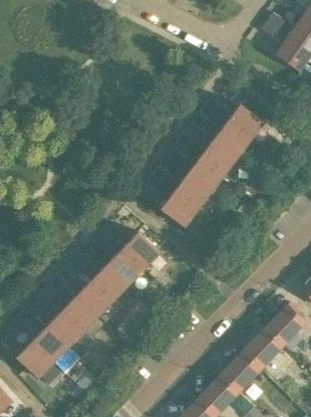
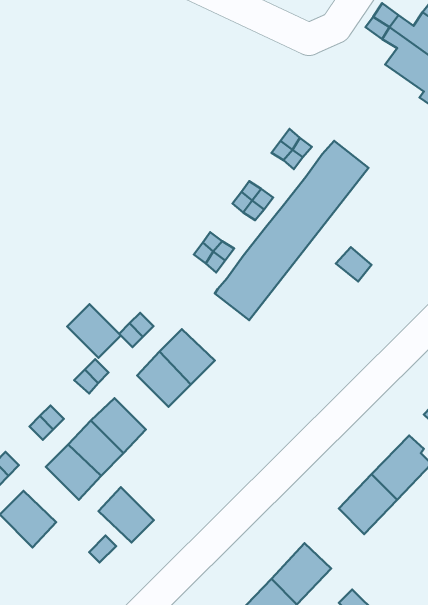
building: [92,262,128,298] -> [67,304,121,358]
building: [31,324,68,361] -> [99,487,154,543]
building: [220,352,260,392] -> none

